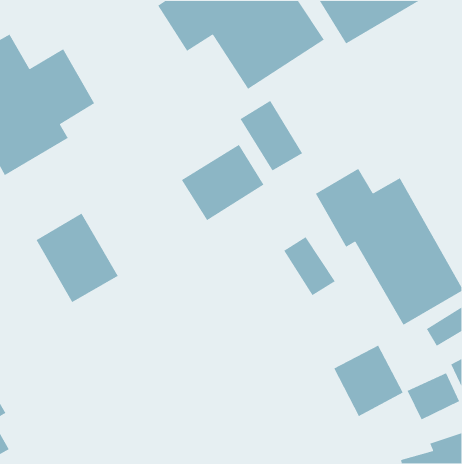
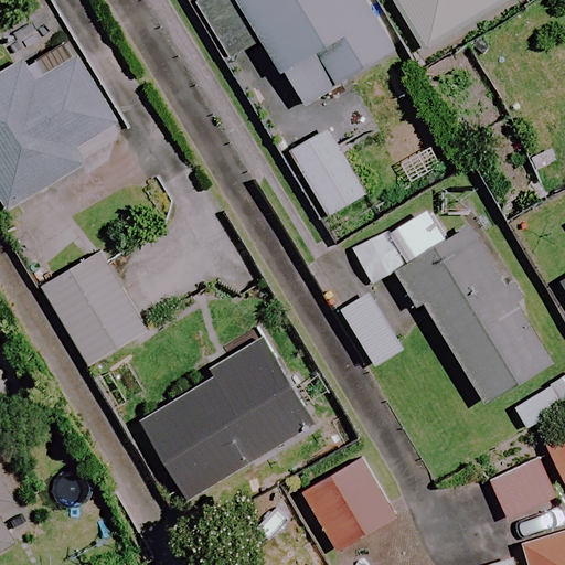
building: [181,144,264,221] -> none
building: none -> [138,347,311,501]
building: [333,345,404,417] -> [305,462,391,551]

